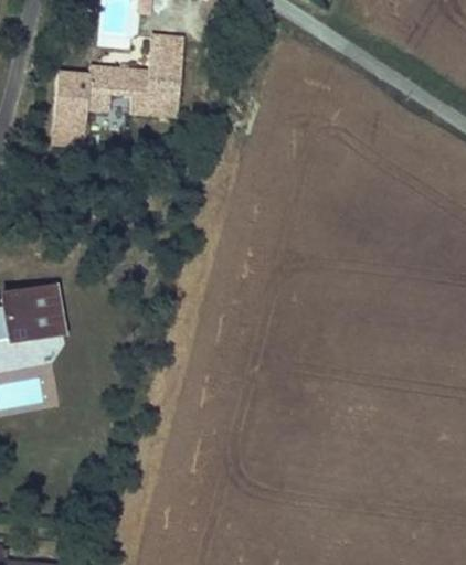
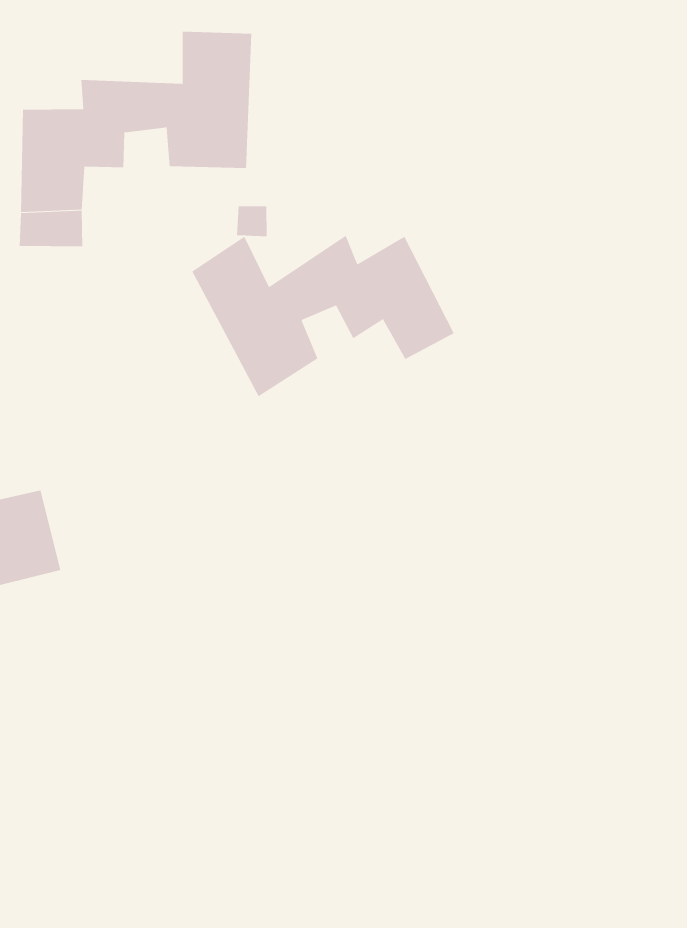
building: none -> [191,235,454,397]

